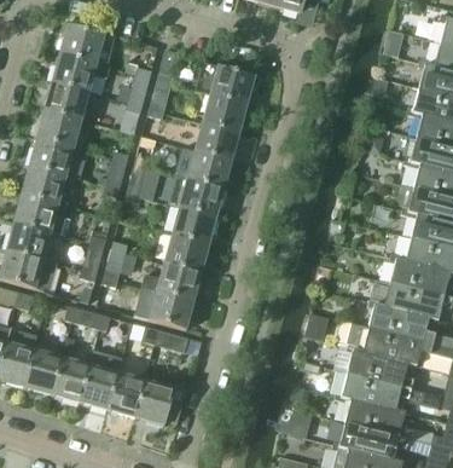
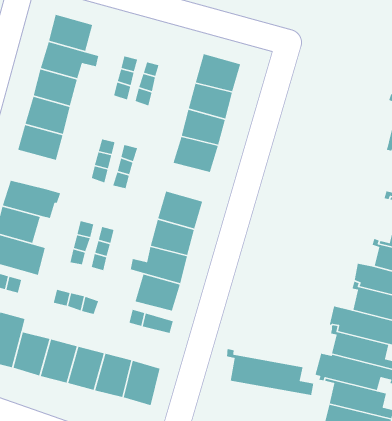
building: [21,163,68,203] -> none
building: [169,174,225,215] -> none
building: none -> [226,348,314,396]

